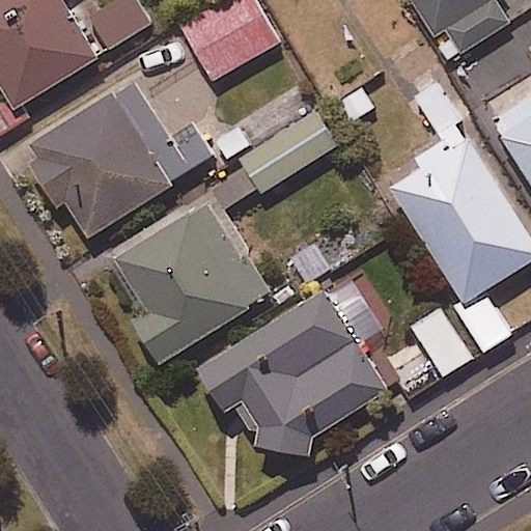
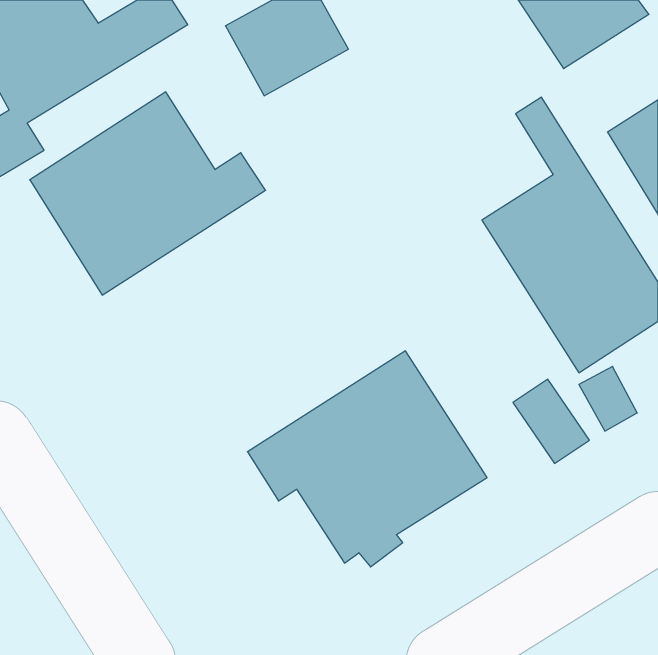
building: [110,117,330,362] -> none

